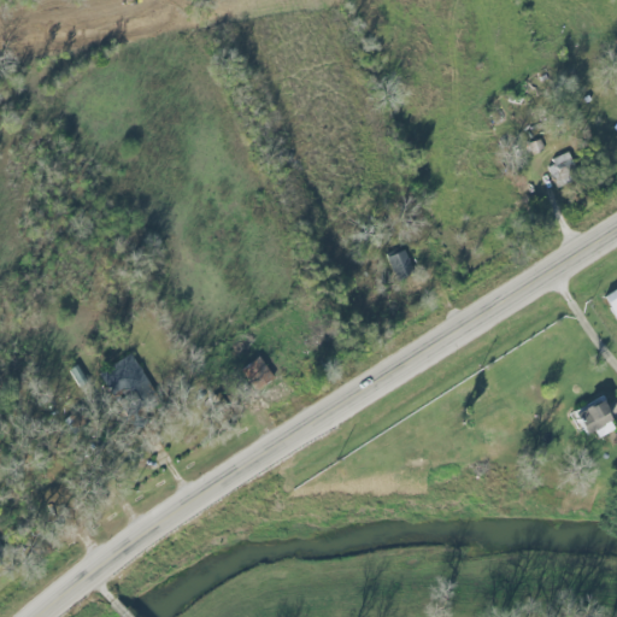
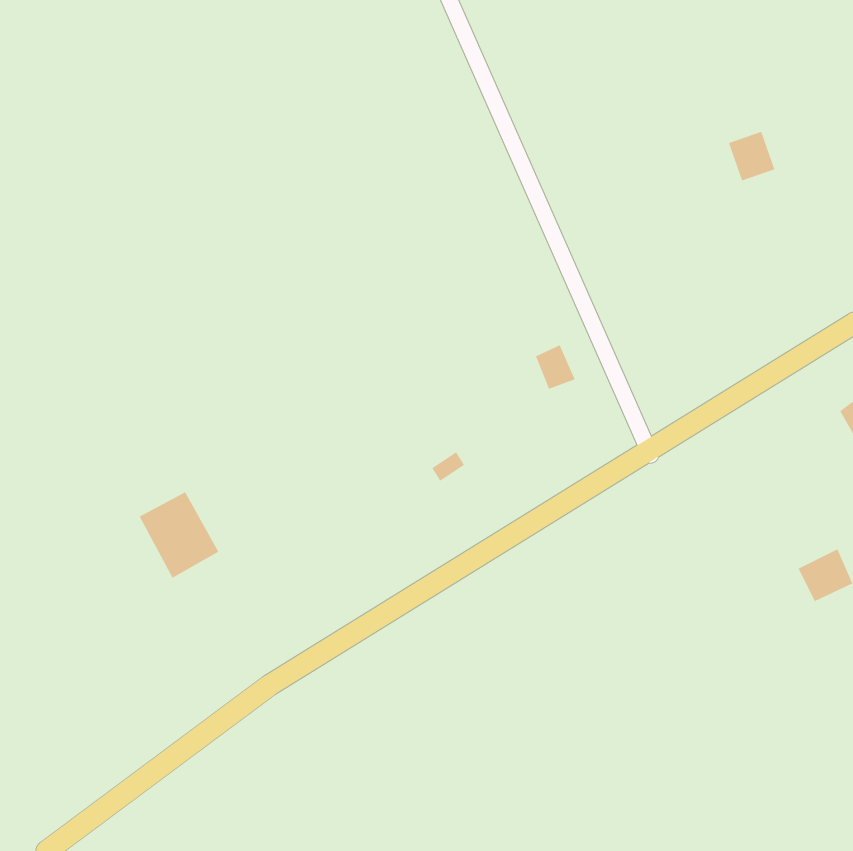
building: [547,151,581,187] -> [728,131,775,181]
building: [241,359,272,390] -> none

